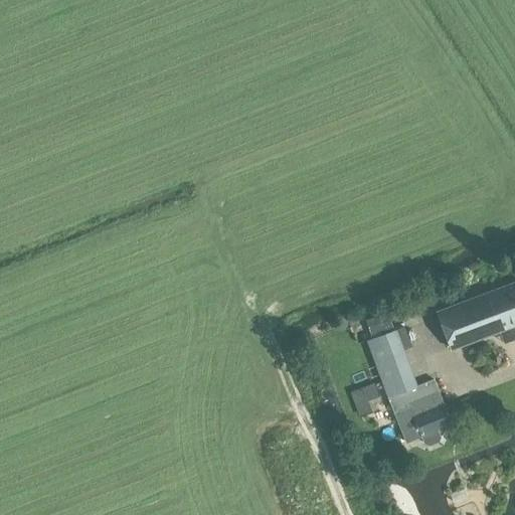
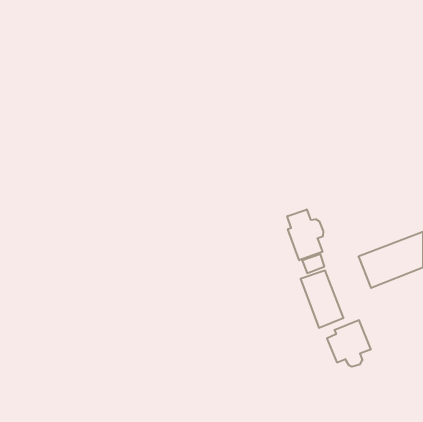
building: none -> [287,209,323,260]
building: [352,380,381,413] -> none

